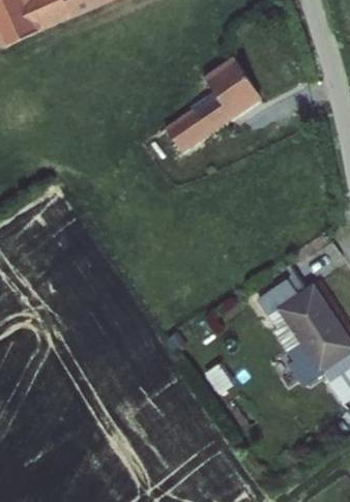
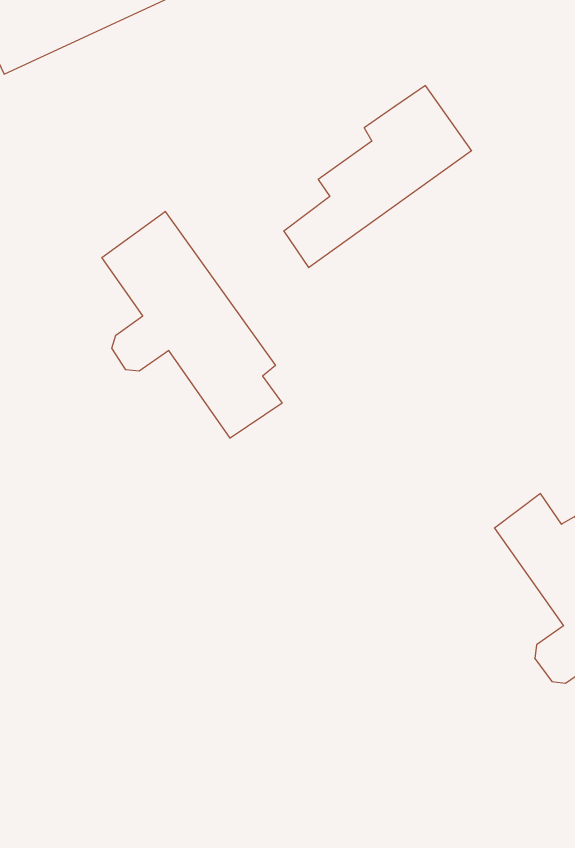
building: none -> [102,211,282,438]

